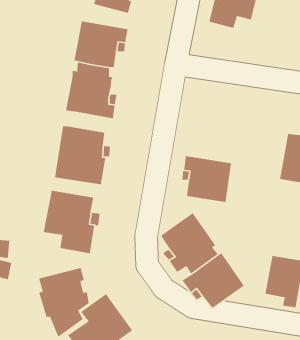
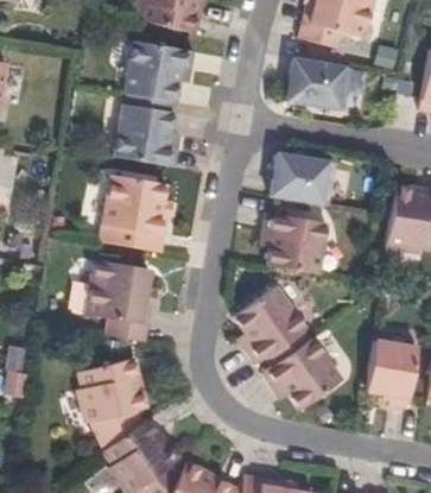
building: none -> [284,65,350,118]
building: none -> [268,160,335,213]

